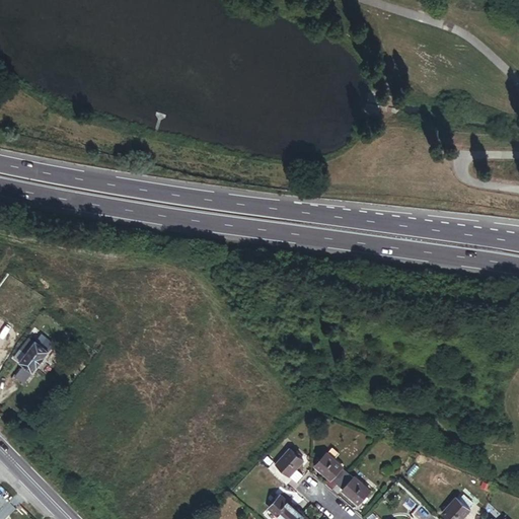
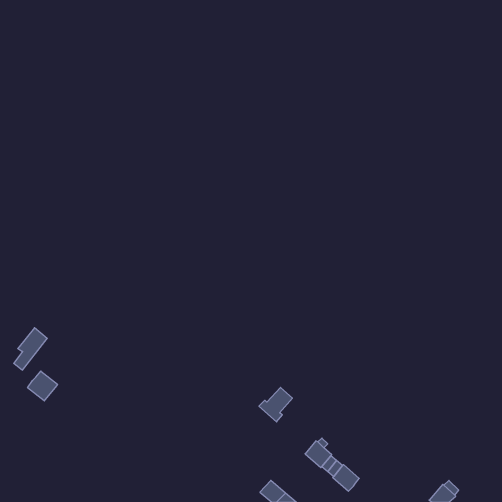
building: none -> [28,371,58,401]
building: [269,450,303,486] -> [259,387,292,422]

